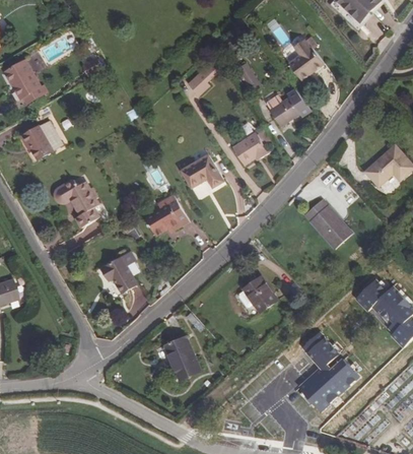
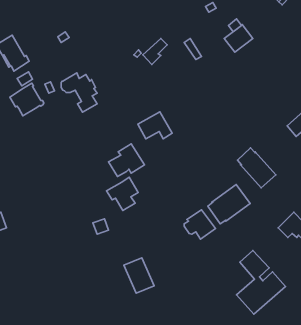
building: [267,91,309,126] -> none
building: [231,132,268,165] -> none
building: [54,179,98,228] -> [61,73,97,112]
building: none -> [208,184,250,224]
building: [101,251,141,293] -> [106,177,138,211]

